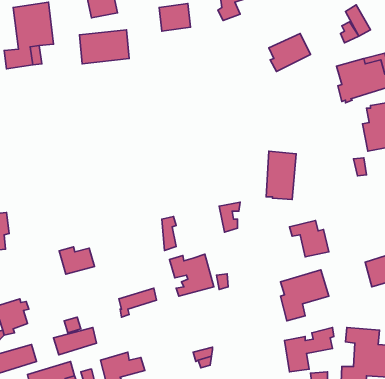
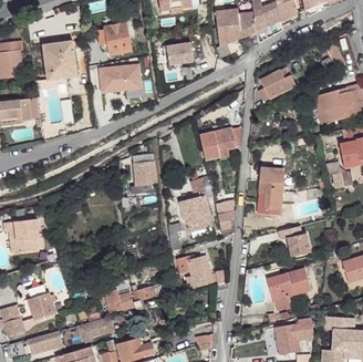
building: none -> [198,127,240,161]
building: none -> [129,154,156,194]
building: none -> [179,176,212,237]
building: [59,247,94,274] -> [103,290,133,313]

